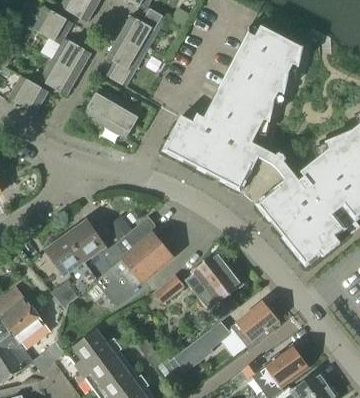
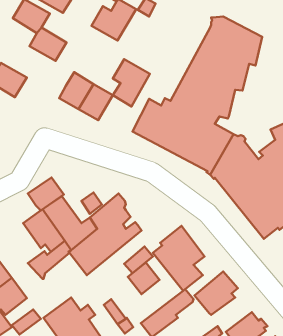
building: [106,36,146,87] -> [113,59,150,106]
building: [39,58,79,95] -> none
building: none -> [28,177,64,211]
building: none -> [128,262,159,294]

